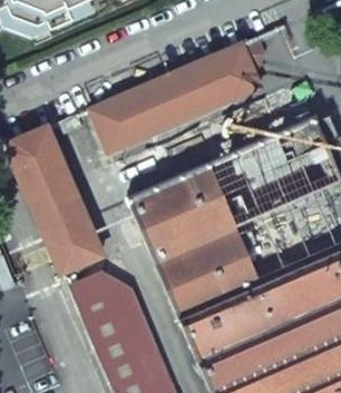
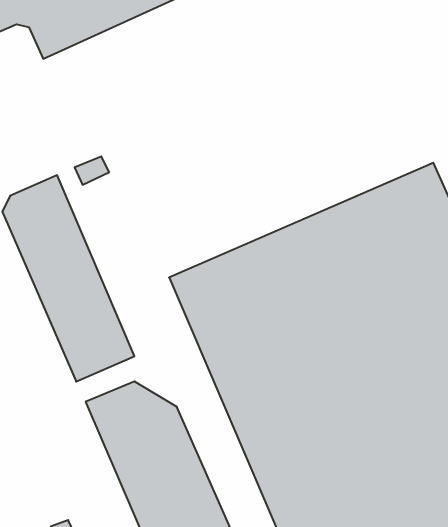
building: [89,37,264,153] -> none

